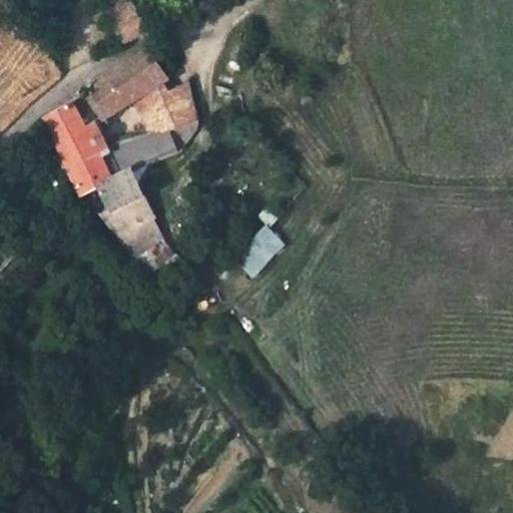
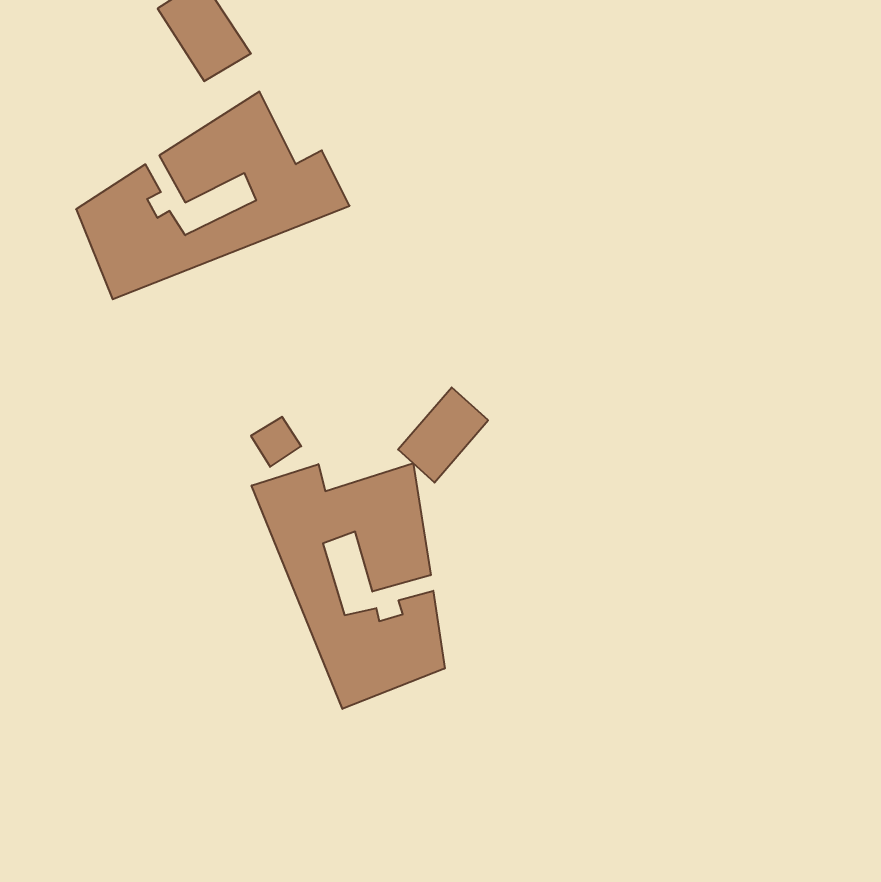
building: [65,119,208,243] -> none
building: none -> [252,463,445,709]

